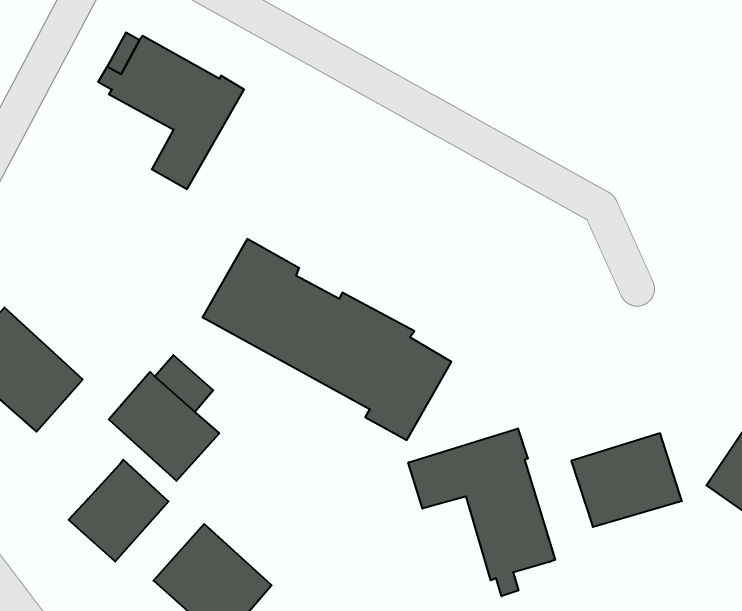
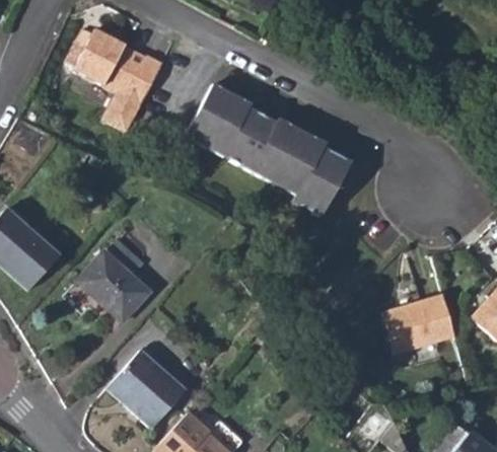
building: [202,239,451,440] -> [189,85,353,218]
building: [408,428,555,596] -> none
building: [69,460,169,562] -> none

